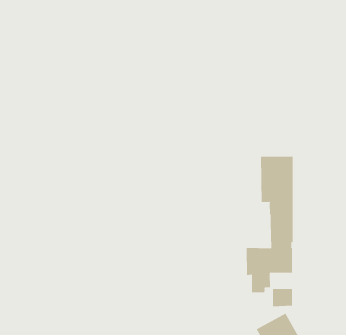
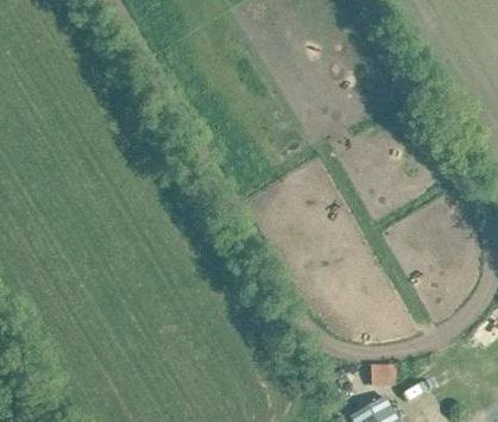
building: [246,156,293,293] -> none

